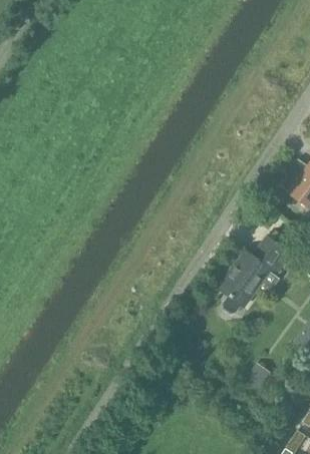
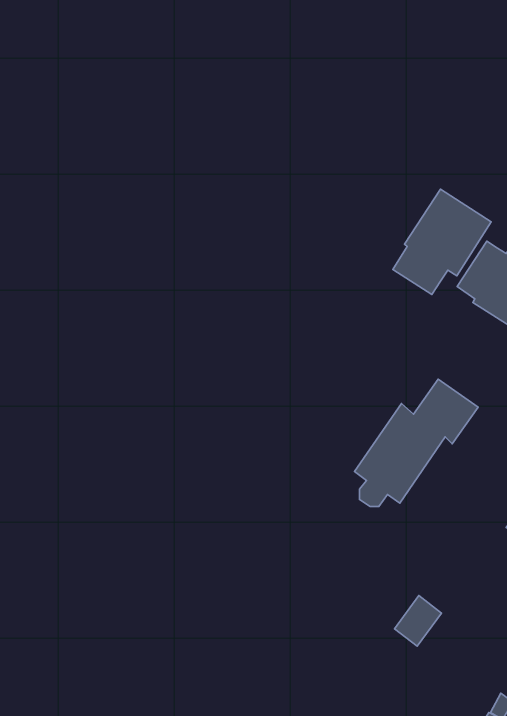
building: none -> [393,189,491,295]

